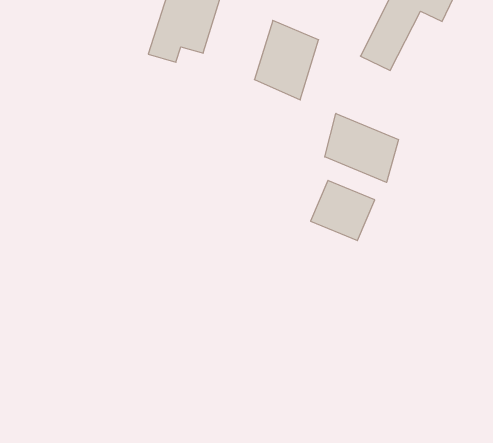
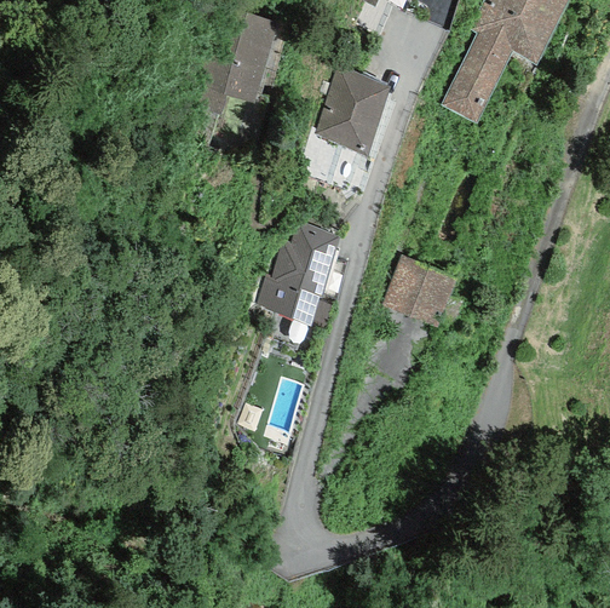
building: [325,113,399,182] -> none
building: none -> [255,220,343,326]

